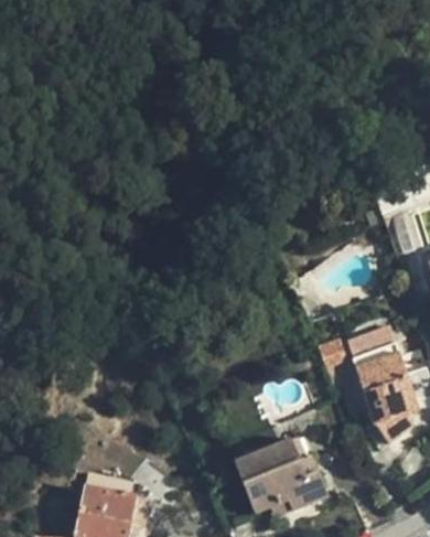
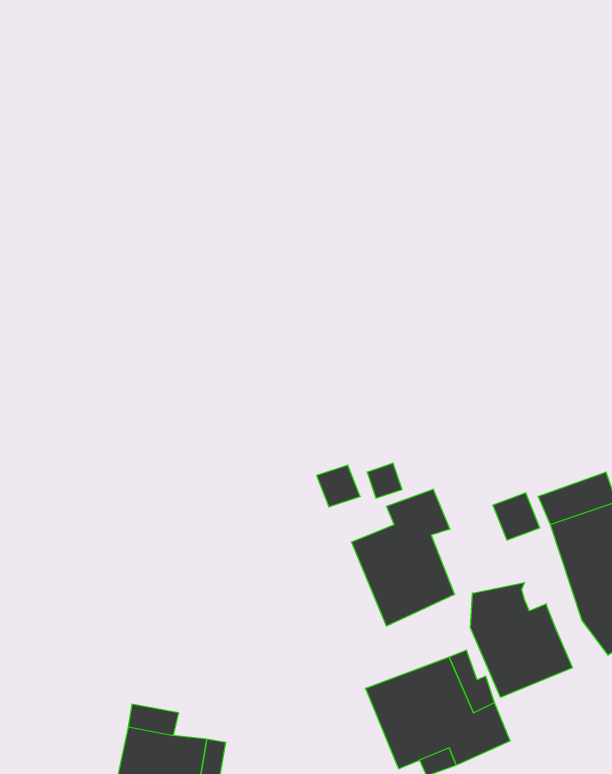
building: none -> [352,489,455,626]
building: none -> [470,583,573,697]

